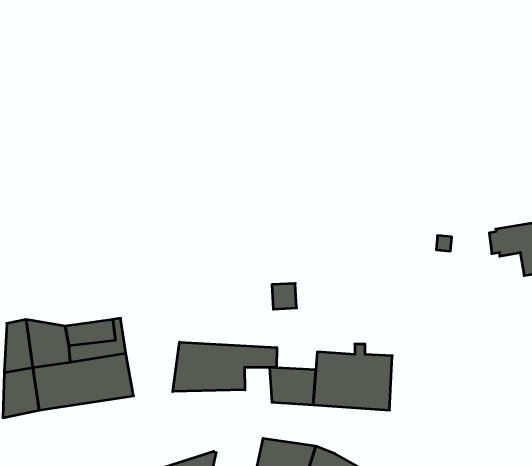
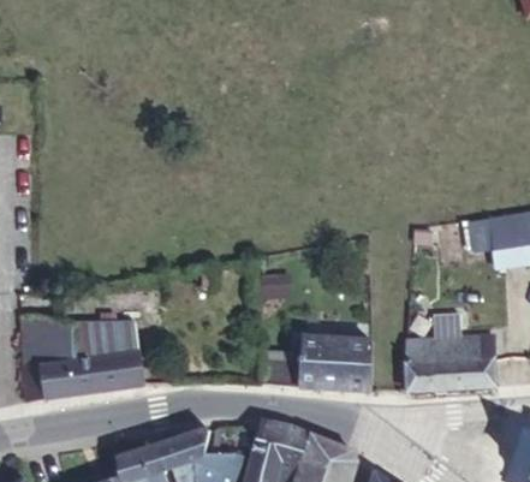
building: none -> [404,315,495,393]
building: [173,342,277,392] -> none

